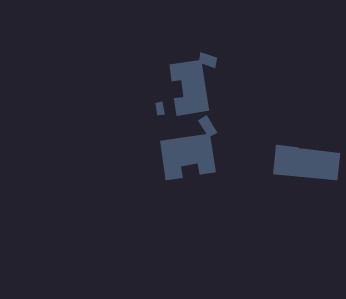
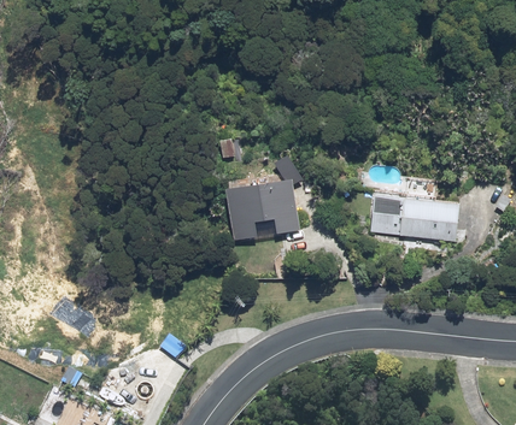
building: [169,51,218,117] -> none

